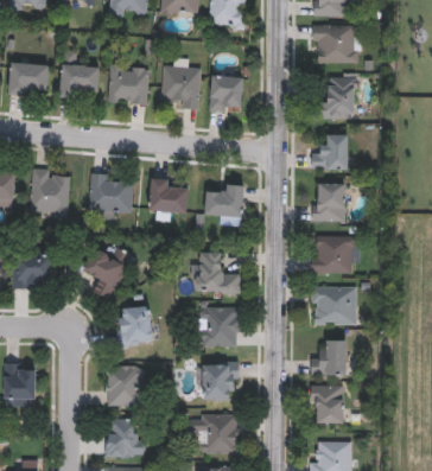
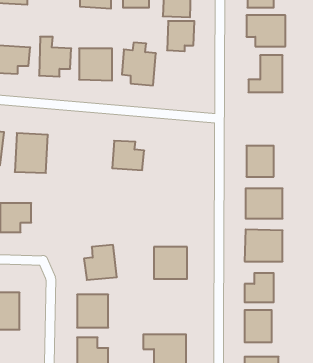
building: [209,76,242,113] -> [167,21,194,51]
building: [311,134,347,170] -> none
building: [89,176,133,221] -> none
building: [204,184,243,217] -> none
building: [82,244,131,299] -> none
building: [196,252,240,293] -> none
building: [202,361,237,401] -> none

